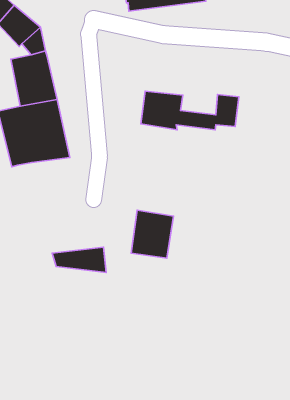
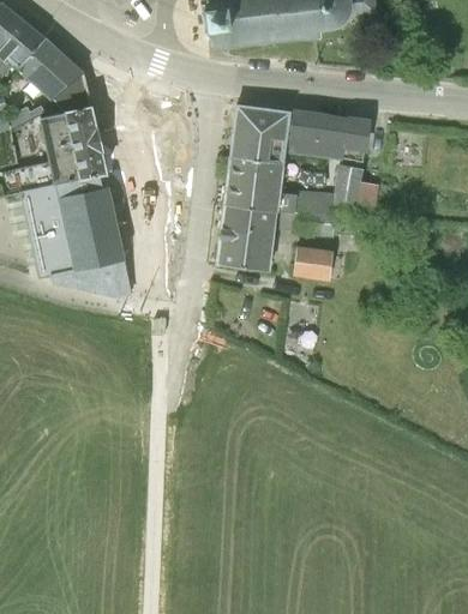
building: none -> [232,107,370,167]
building: none -> [293,247,334,283]
building: [131,210,174,258] -> [217,207,277,276]
building: [52,247,106,272] -> [50,258,127,294]

